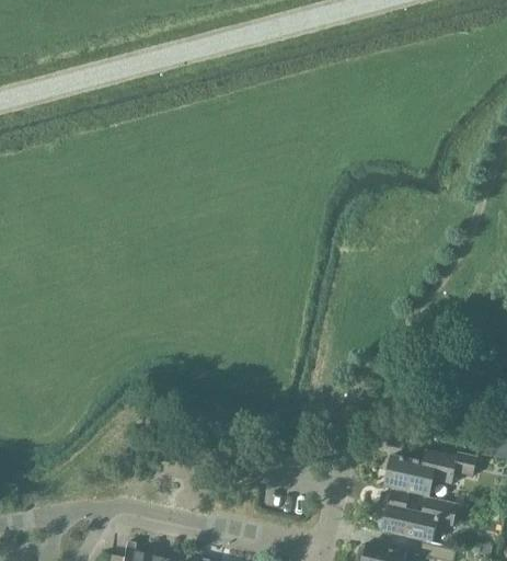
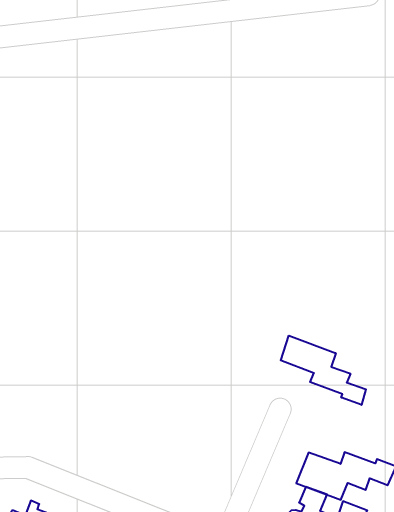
building: none -> [281,336,366,405]

